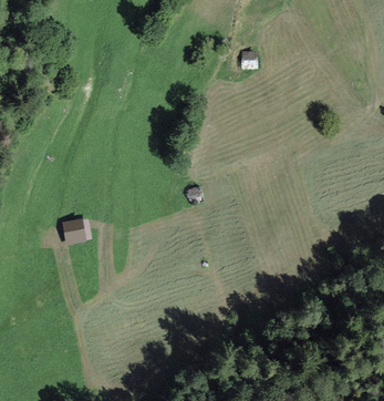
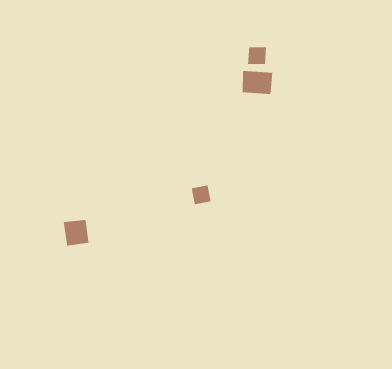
building: none -> [242,70,273,95]

